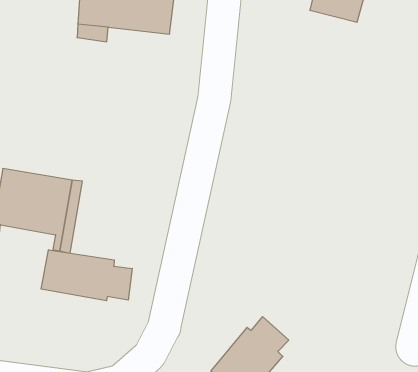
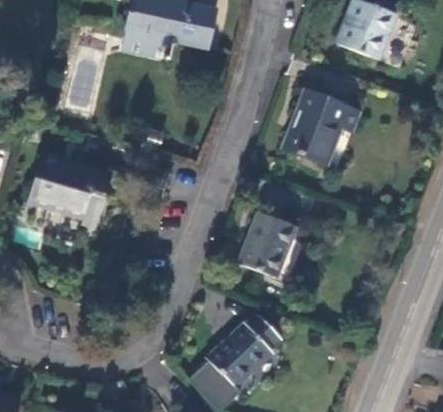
building: none -> [284,90,359,165]
building: none -> [239,212,296,279]
building: [41,250,132,301] -> none

